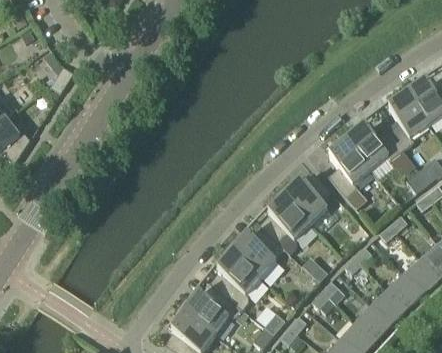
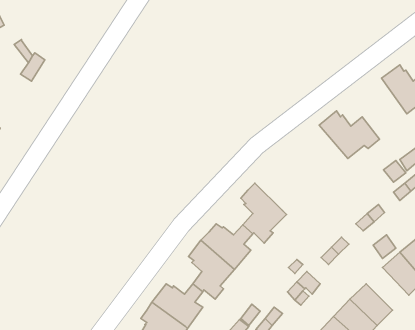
building: [385,90,429,150] -> none
building: [327,136,371,197] -> none
building: [280,172,331,224] -> none
building: [389,276,431,318] -> none

